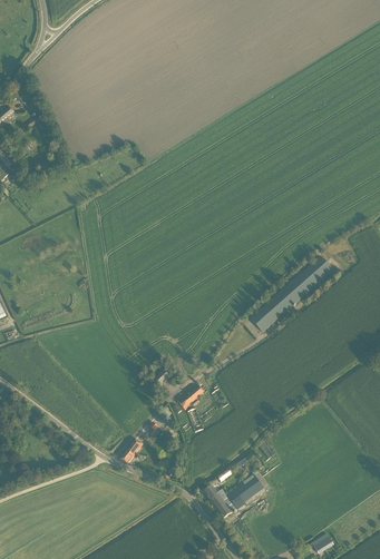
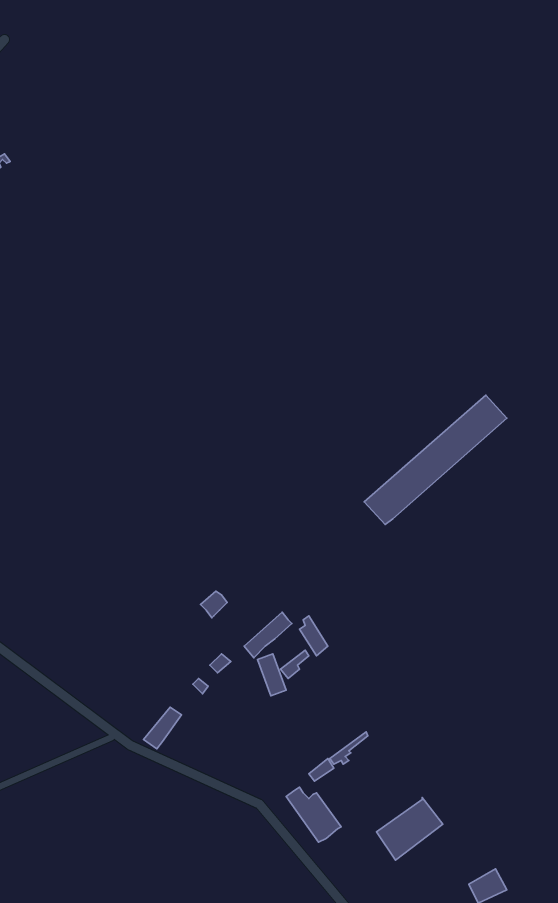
building: [227,473,266,510] -> [376,798,443,860]

